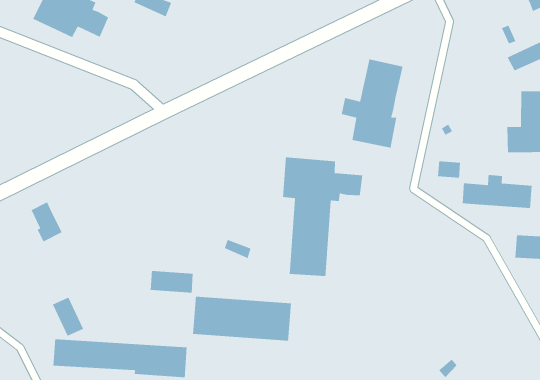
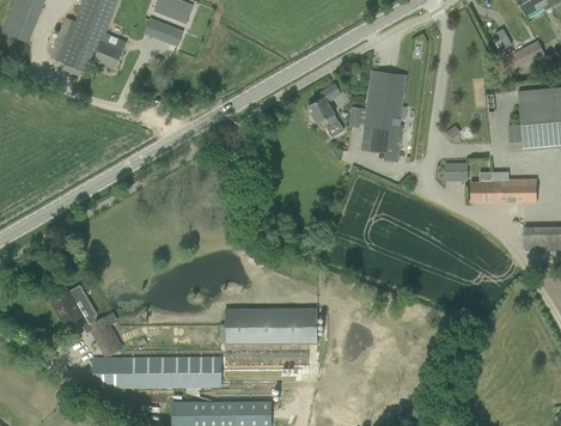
building: none -> [307,83,341,124]
building: [282,157,363,277] -> none
building: [30,201,63,242] -> [54,291,86,330]
building: [150,270,194,293] -> none

